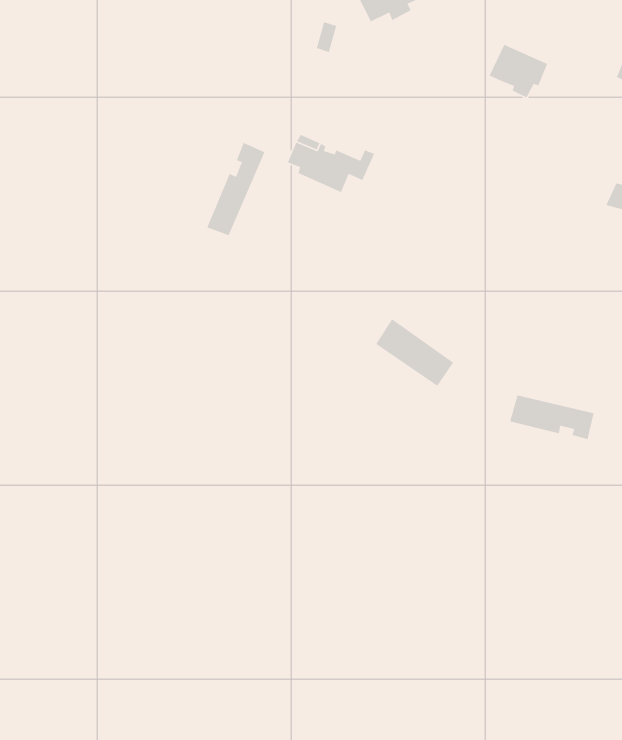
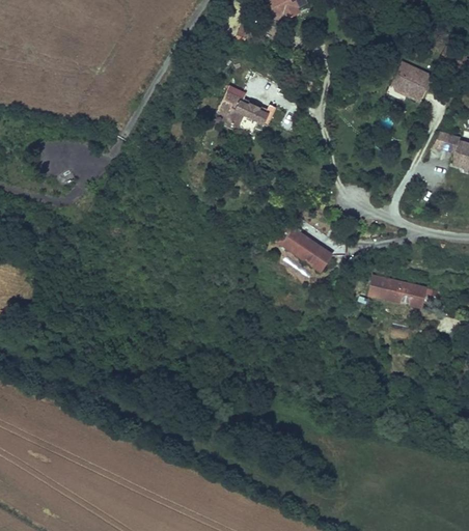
building: [489,44,548,99] -> [391,63,432,101]
building: [206,142,265,236] -> none

